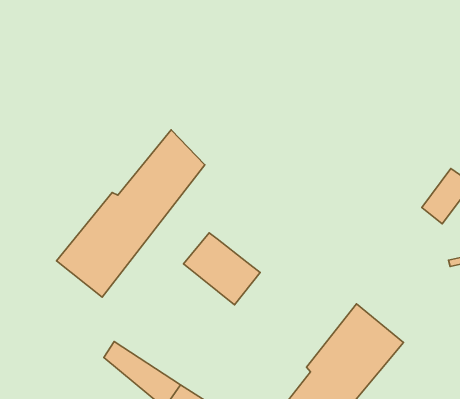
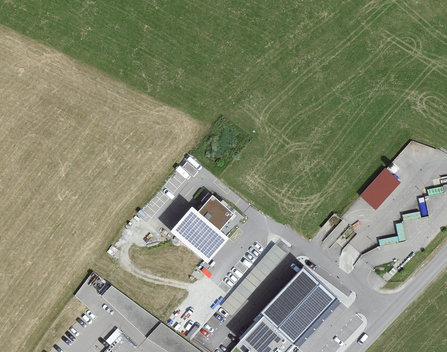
building: [57,130,205,297] -> none
building: none -> [197,192,233,228]

